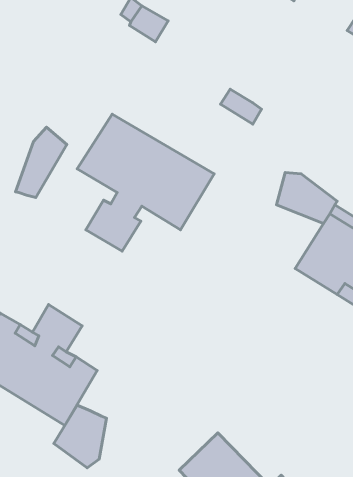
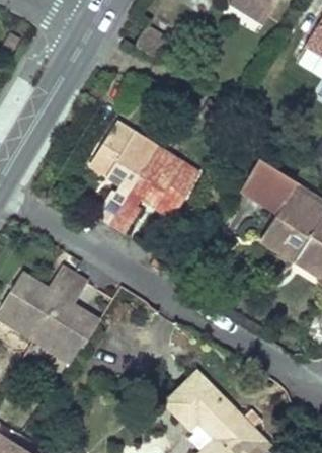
building: [15,127,67,197] -> none
building: [54,405,107,468] -> none

